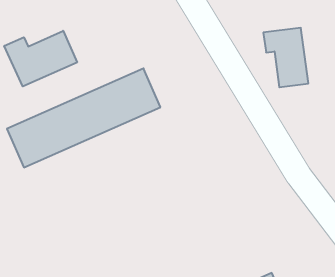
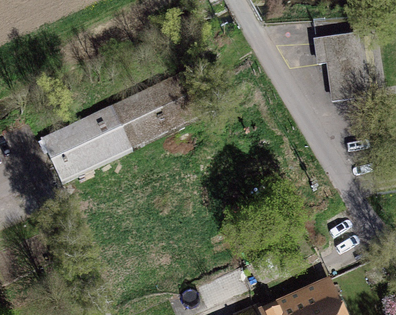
building: [4,31,77,86] -> none

